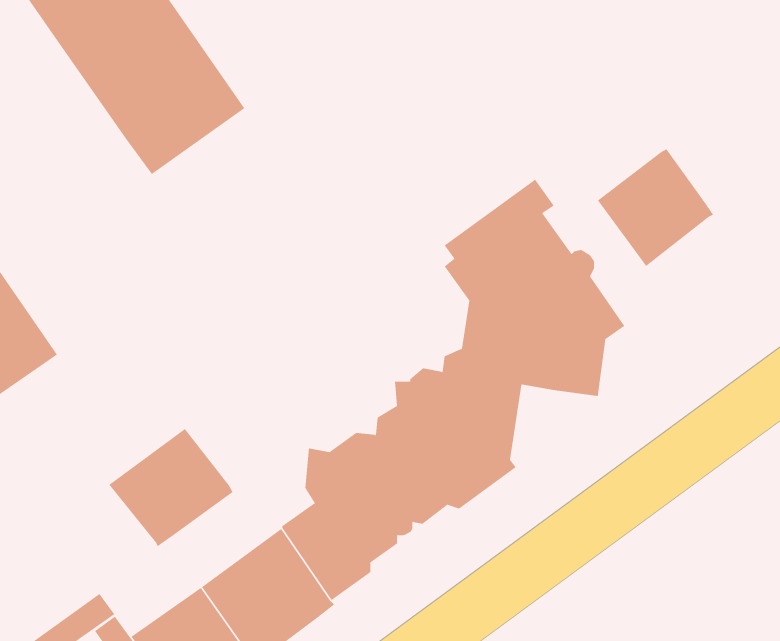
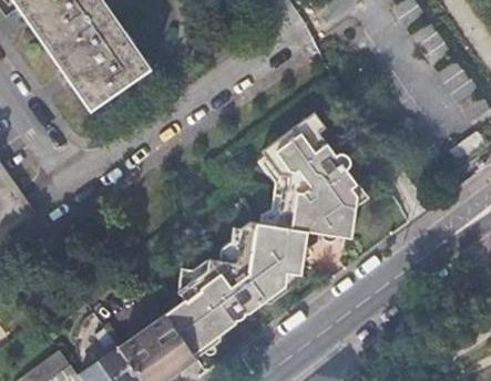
building: [597,149,714,267] -> none
building: [109,428,233,547] -> none

